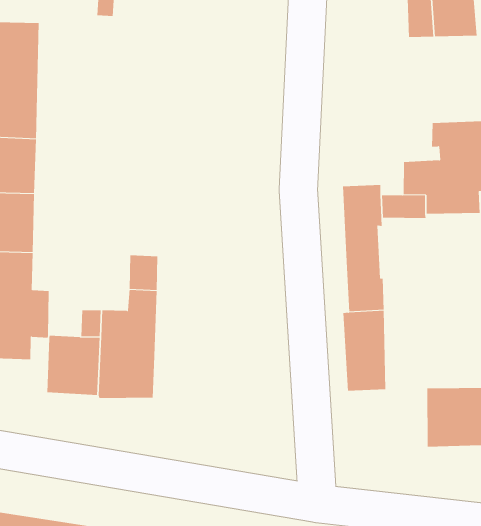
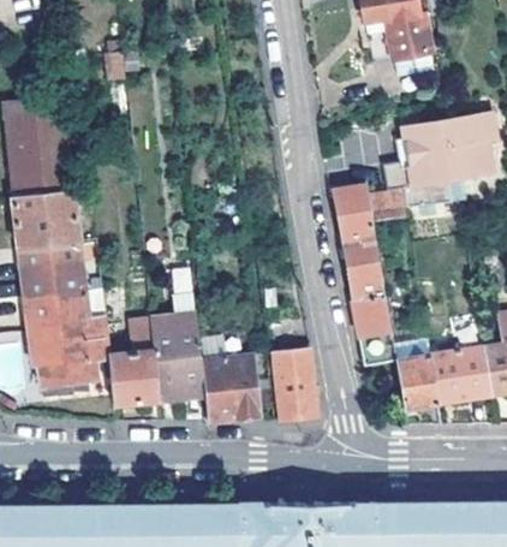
building: none -> [199,356,260,420]
building: none -> [270,349,316,420]
building: none -> [396,355,437,410]

